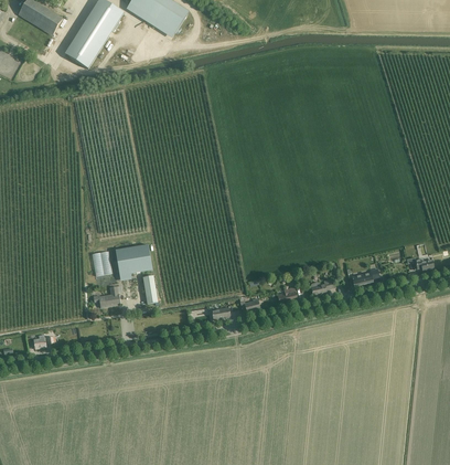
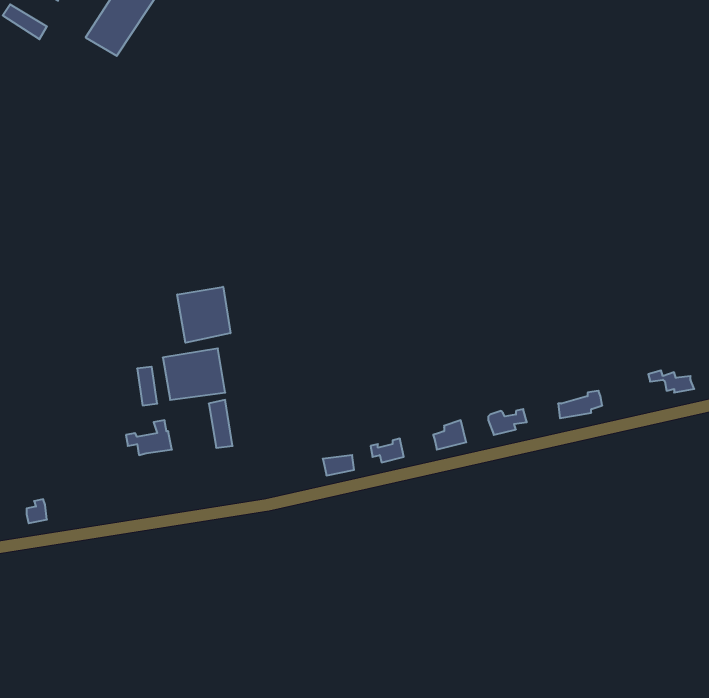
building: none -> [177,287,230,343]

